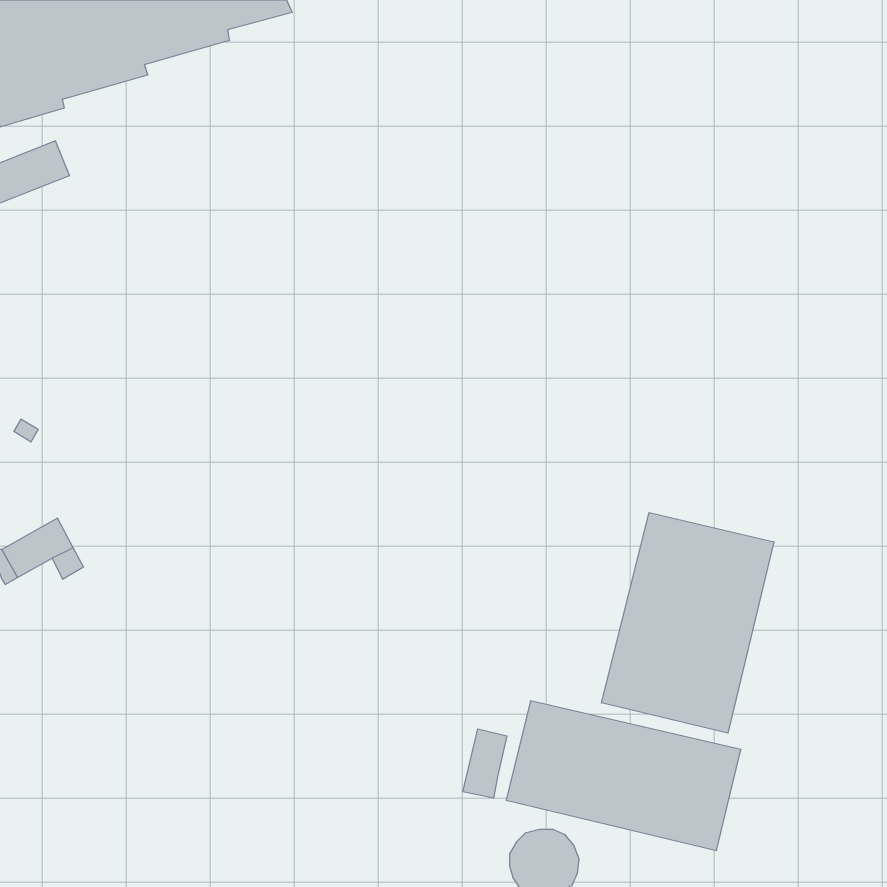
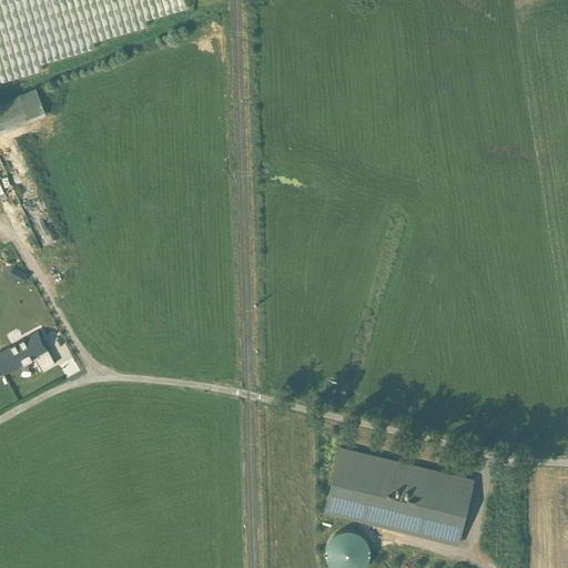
building: [601,513,774,733] -> none
building: [463,729,507,798] -> none

